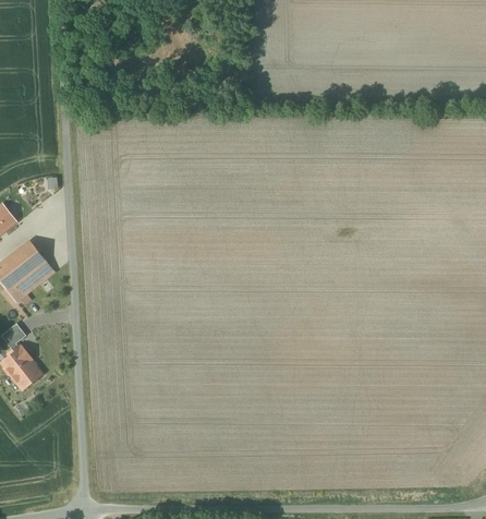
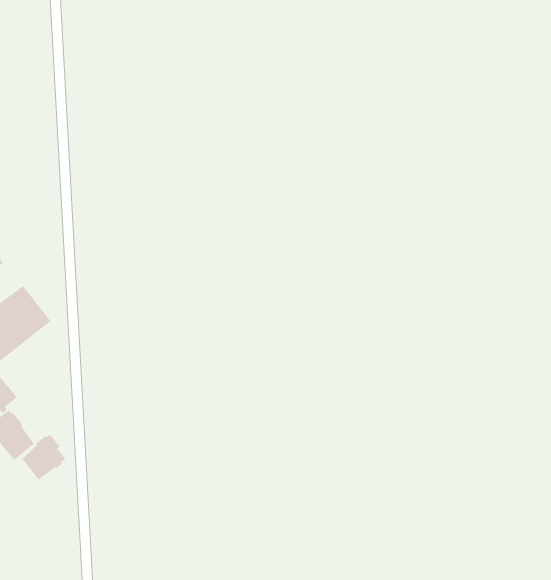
building: none -> [21,434,67,480]

